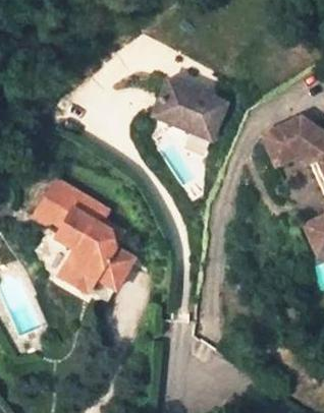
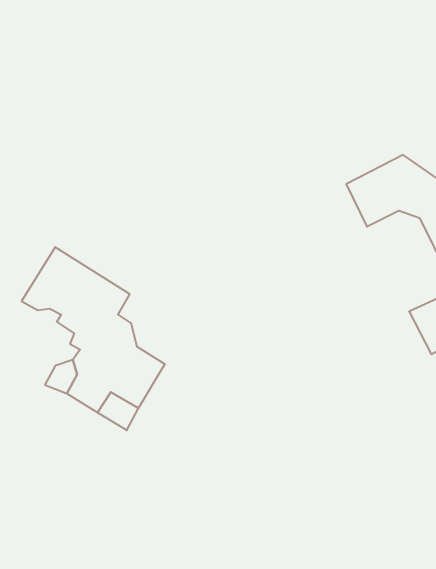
building: [154,79,228,141] -> none

